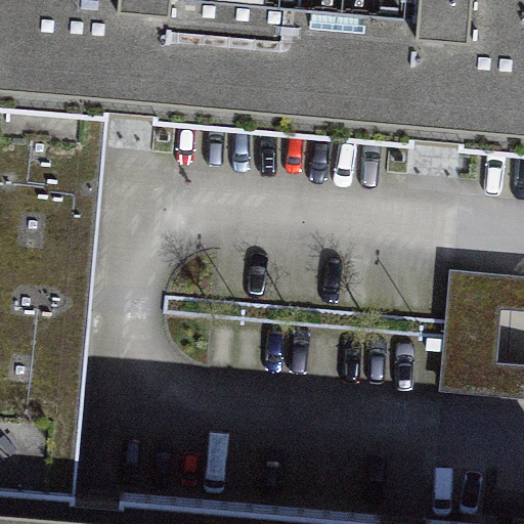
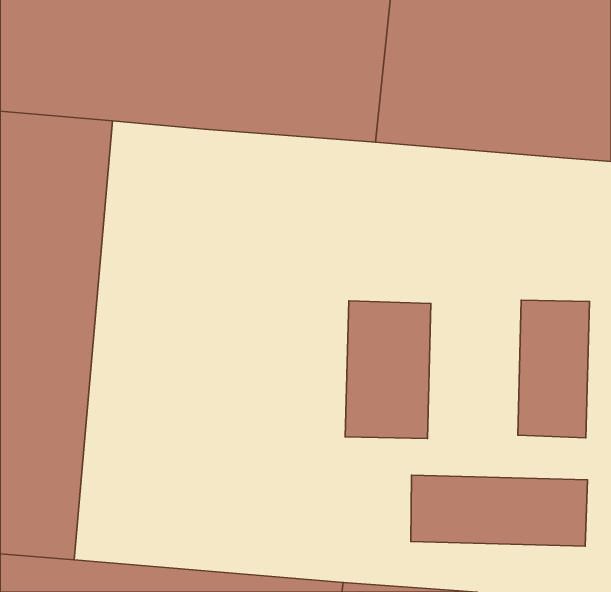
building: none -> [345,301,431,438]
building: none -> [411,475,588,546]

